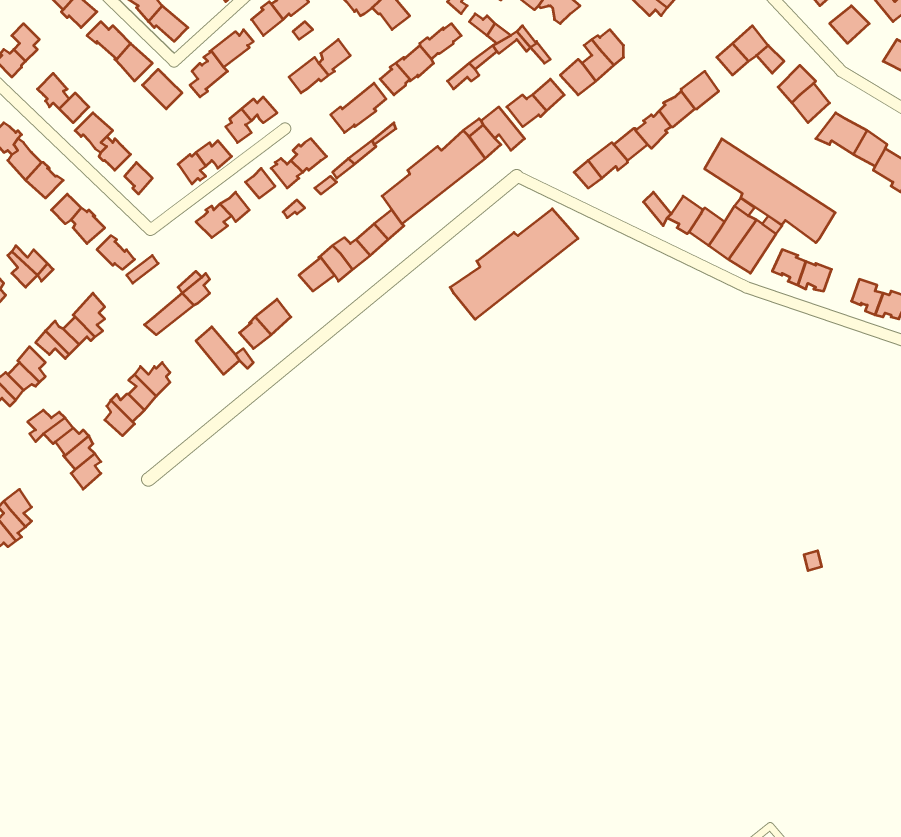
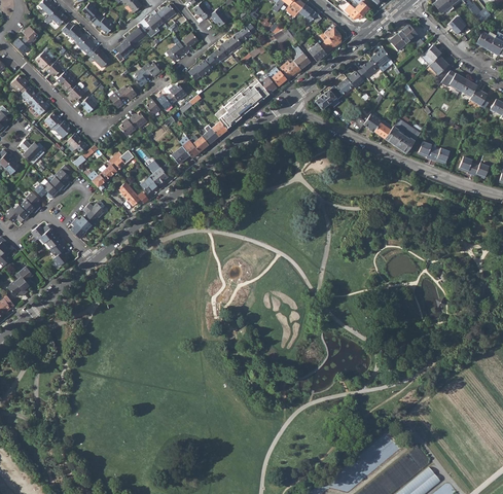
building: [705,139,835,243] -> none
building: [450,209,578,319] -> none

